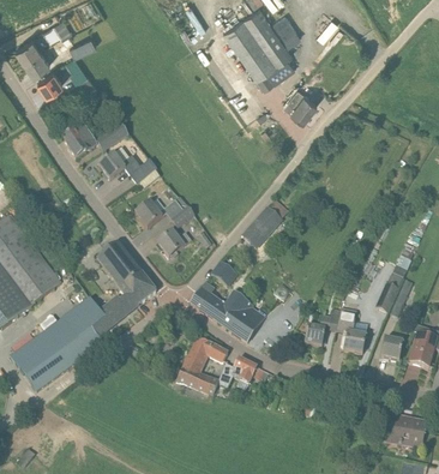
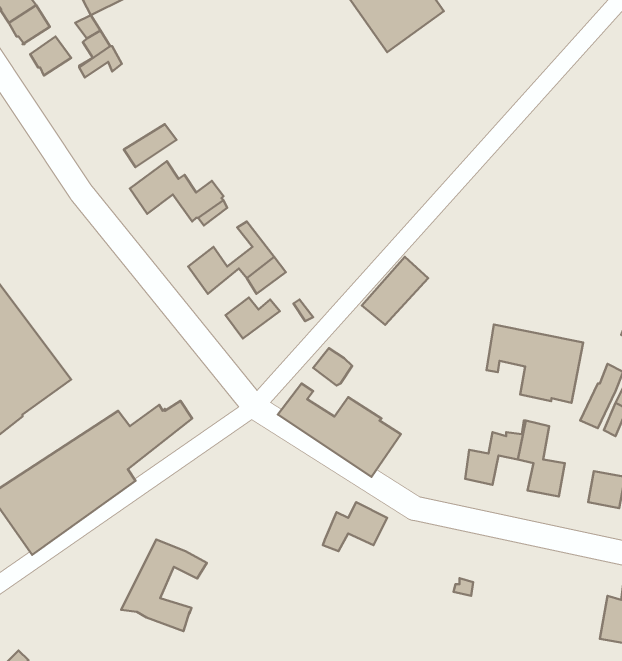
building: [284,88,317,120] -> none
building: [62,124,96,156] -> none
building: [96,241,156,305] -> none
building: none -> [487,325,583,403]
building: [175,337,228,394] -> [121,540,207,631]

